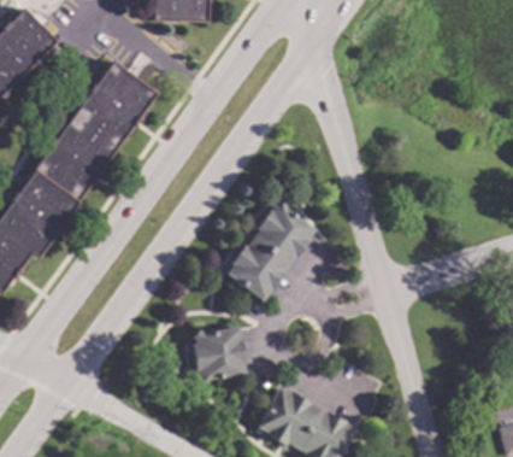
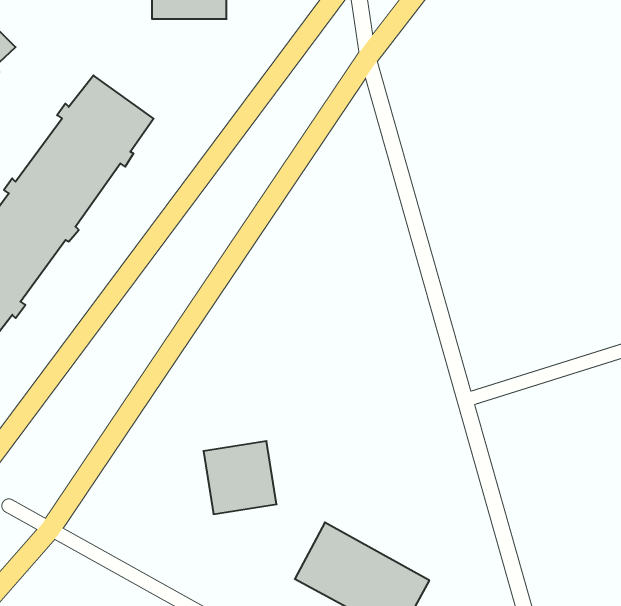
building: [224,201,312,299] -> none

